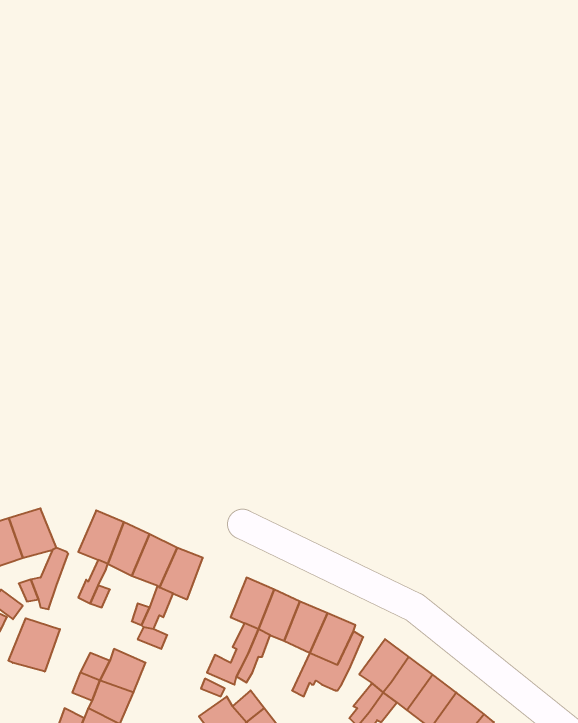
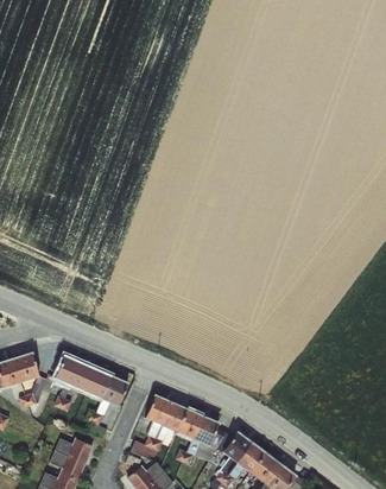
building: [8,618,60,672] -> none

